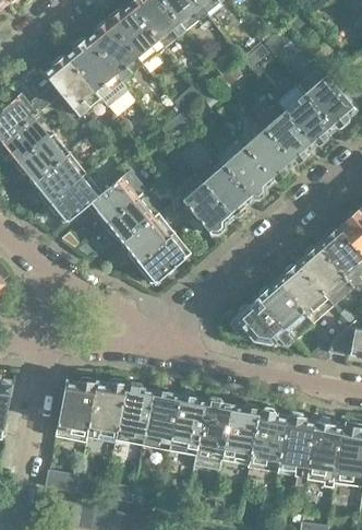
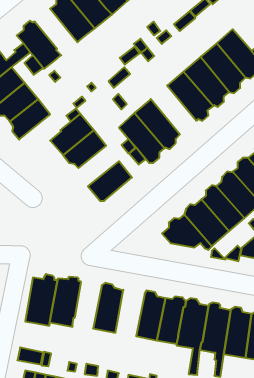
building: [68,38,128,106] -> none
building: [215,137,273,200] -> none
building: [48,174,102,222] -> none
building: [123,213,174,264] -> none
building: [116,381,153,481] -> none
building: [170,392,207,455] -> none

